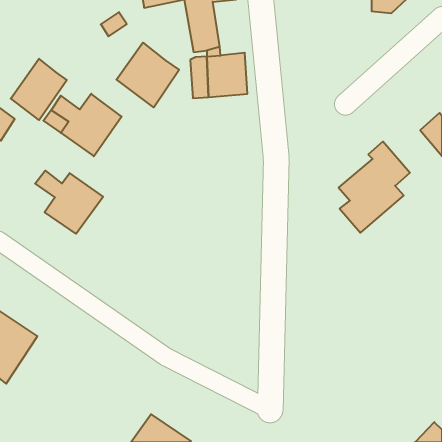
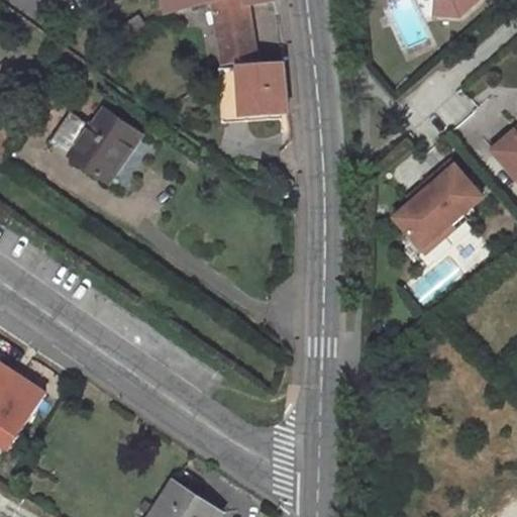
building: [116,43,179,107] -> none
building: [11,59,67,120] -> none
building: [35,171,103,234] -> none

